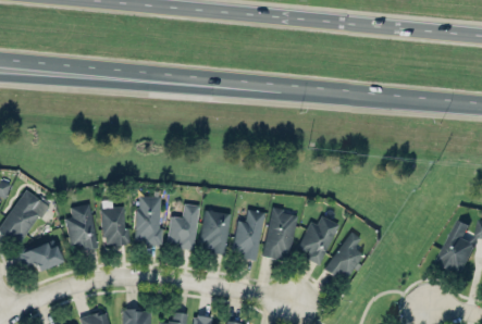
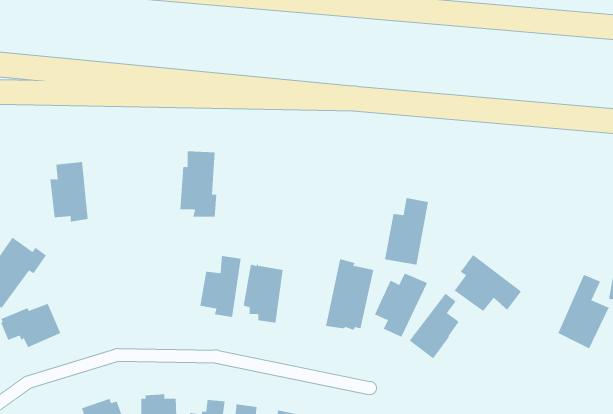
building: [135,196,163,246] -> [180,151,217,217]
building: none -> [454,254,522,312]
building: [67,204,97,250] -> [50,162,89,222]
building: [103,207,127,245] -> none
building: [232,209,265,260] -> [384,198,429,265]

